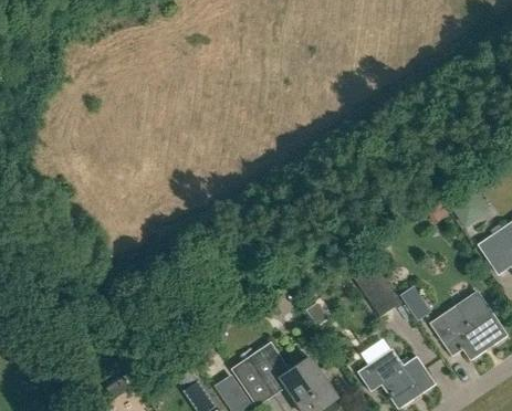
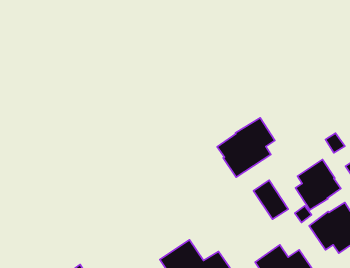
building: none -> [217,118,275,177]
building: none -> [296,160,341,210]

